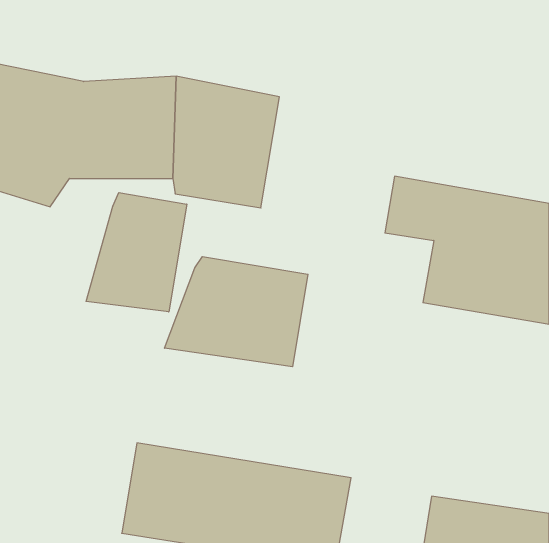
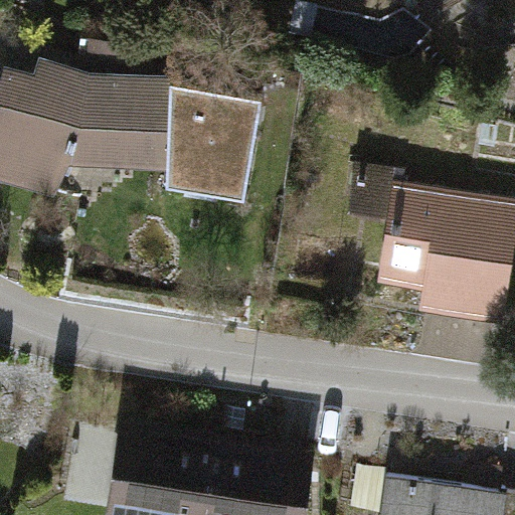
building: [86,193,187,312] -> none
building: [165,257,308,367] -> none

